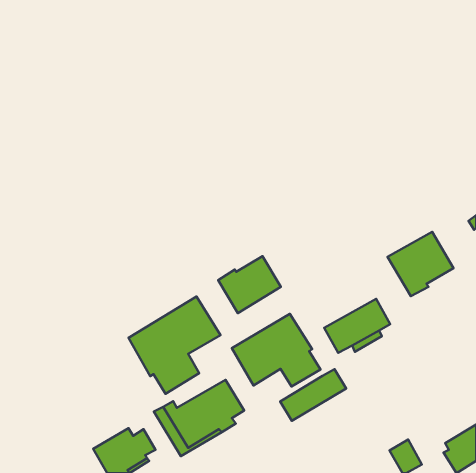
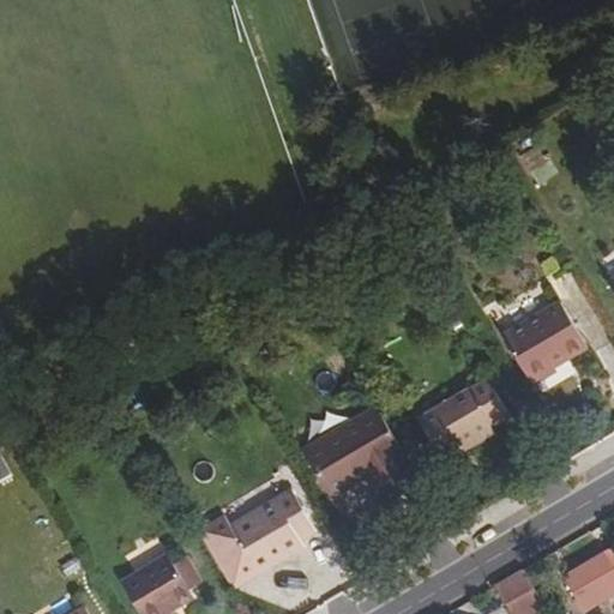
building: [218,256,281,313] -> none
building: [128,297,221,394] -> none
building: [280,369,346,421] -> none

